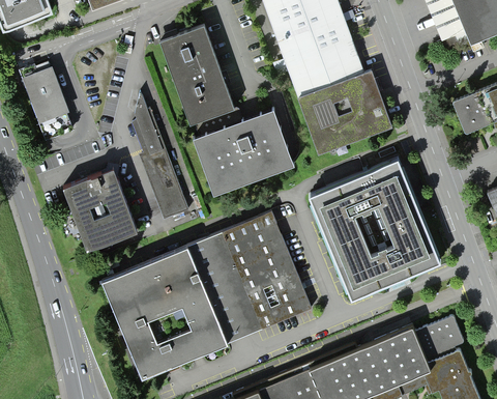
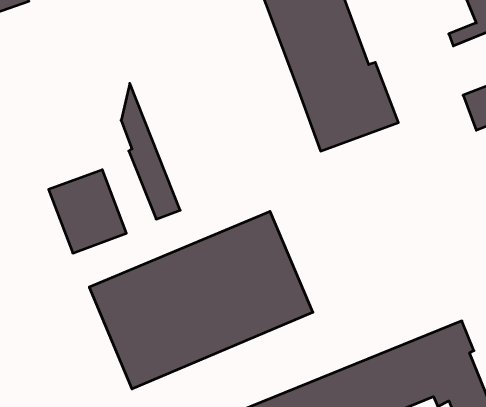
building: [158,24,293,191] -> none
building: [21,63,72,138] -> none
building: [310,160,441,300] -> none

